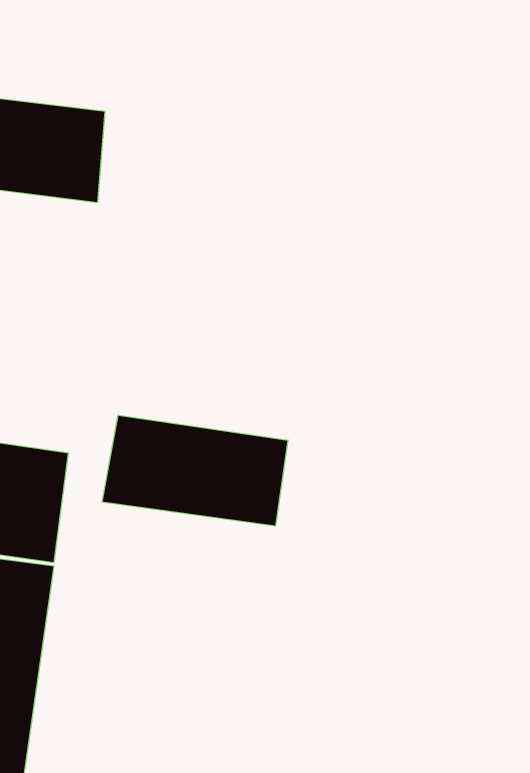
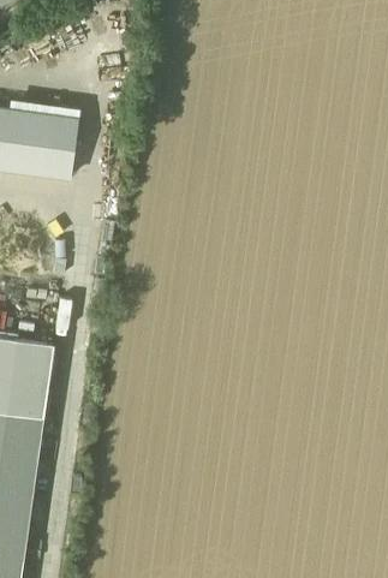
building: [102,415,288,526] -> none

